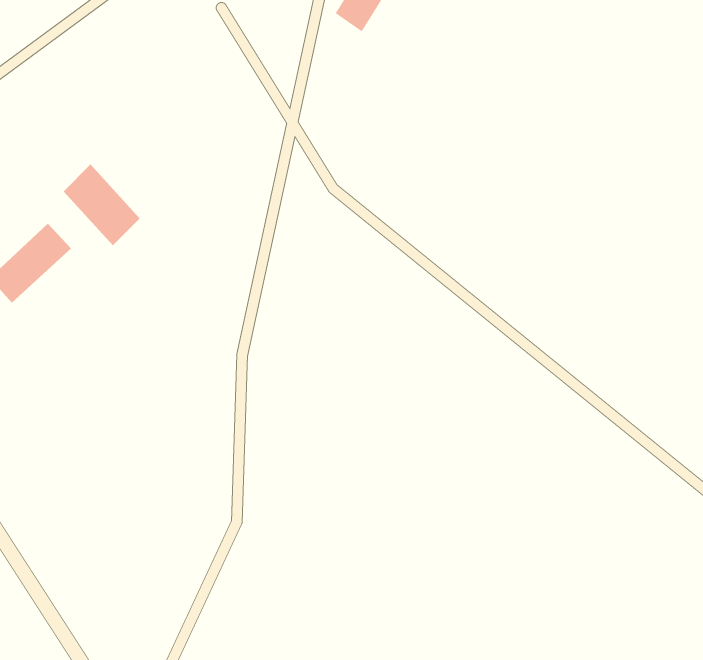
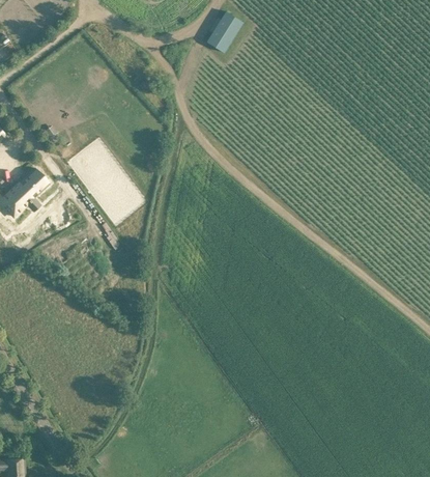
building: [63,164,140,246] -> none

